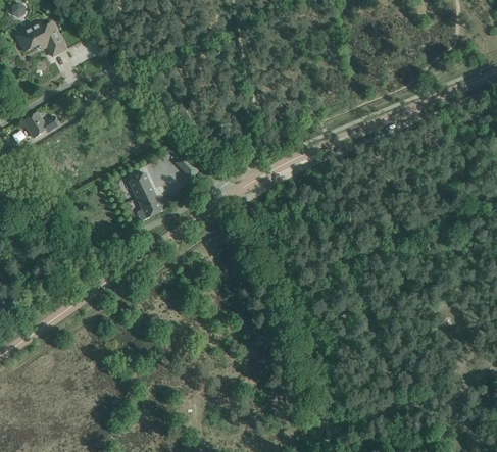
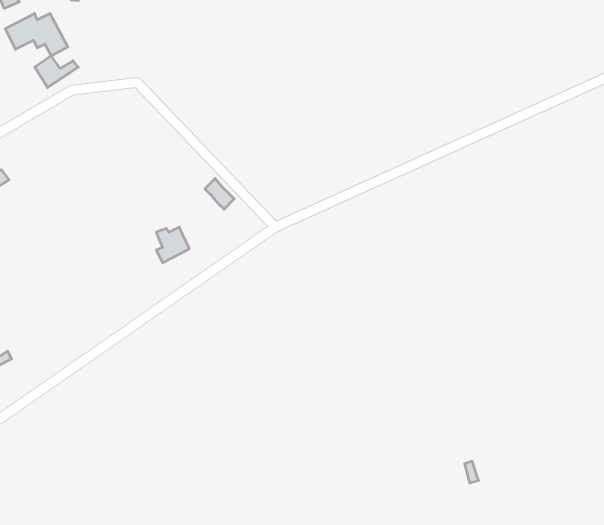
building: [21,112,56,138] -> [35,56,78,88]
building: [127,172,153,197] -> none

